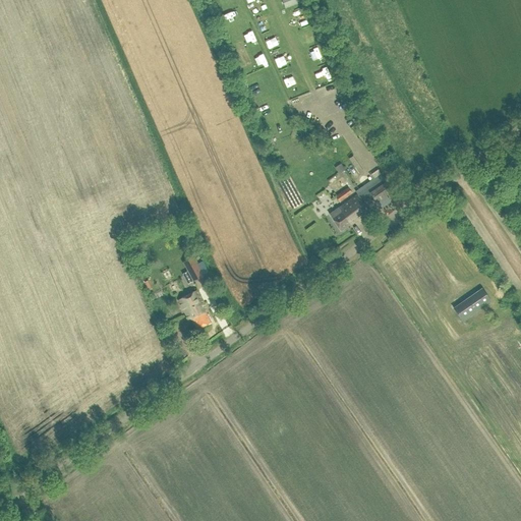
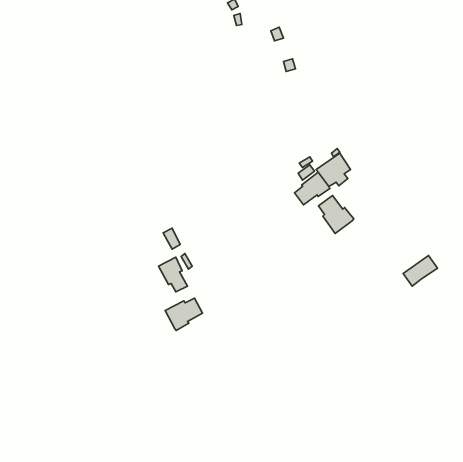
building: none -> [318,196,354,233]
building: none -> [165,298,202,331]

